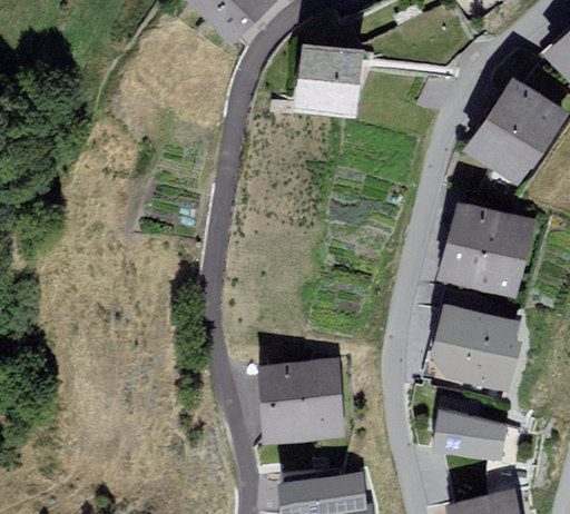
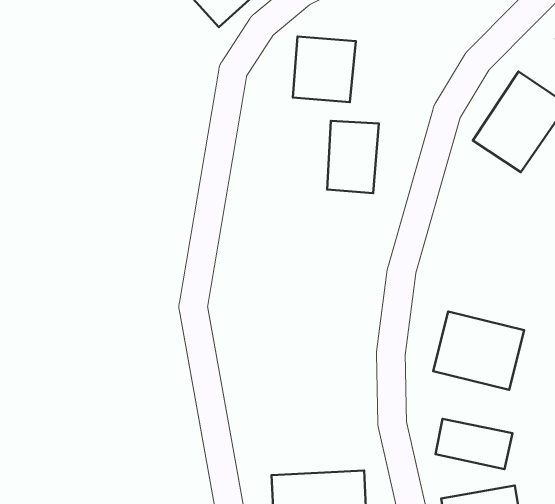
building: none -> [327,121,379,193]
building: [445,211,532,294] -> none
building: [262,367,340,444] -> none

